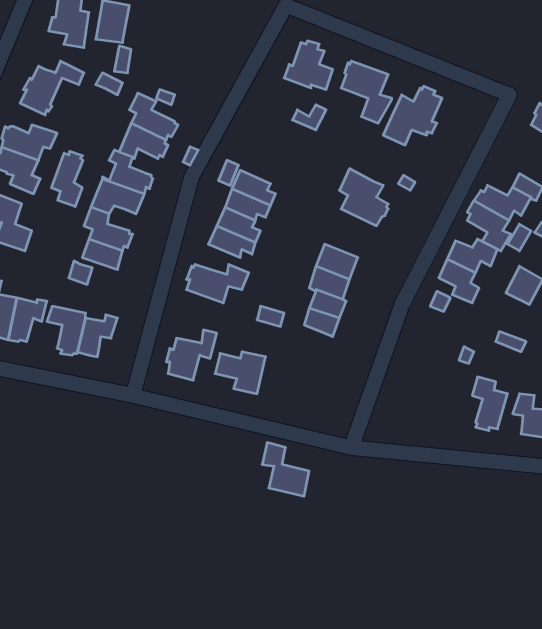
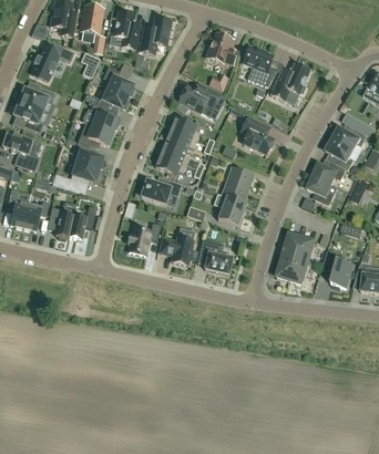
building: none -> [113,10,140,49]
building: none -> [140,18,171,52]
building: none -> [178,82,221,111]
building: [51,151,83,207] -> none
building: none -> [277,233,315,282]
building: [262,443,309,496] -> [201,238,232,274]

